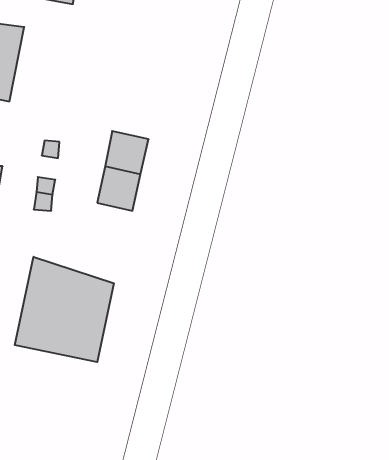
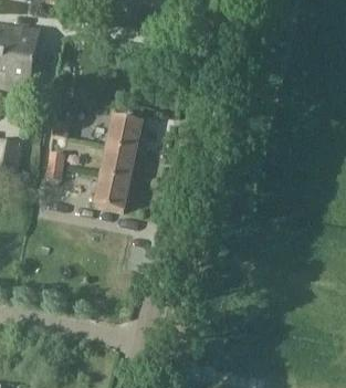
building: none -> [92,174,127,211]
building: [15,257,114,362] -> none

